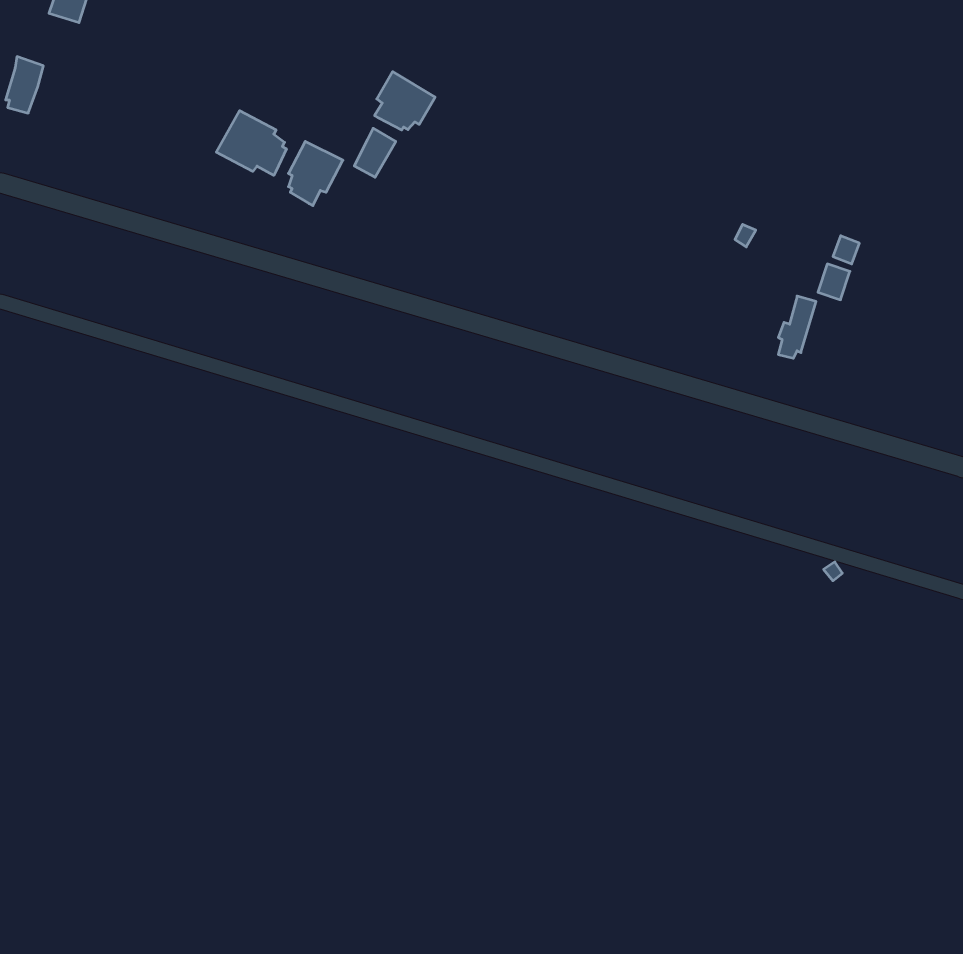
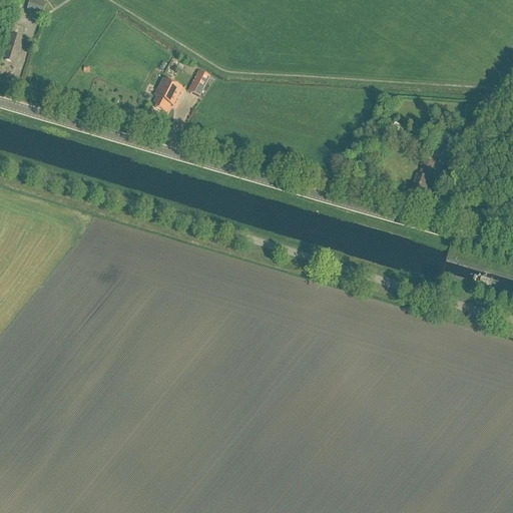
building: [375,72,435,130] -> none
building: [216,111,286,175] -> none

